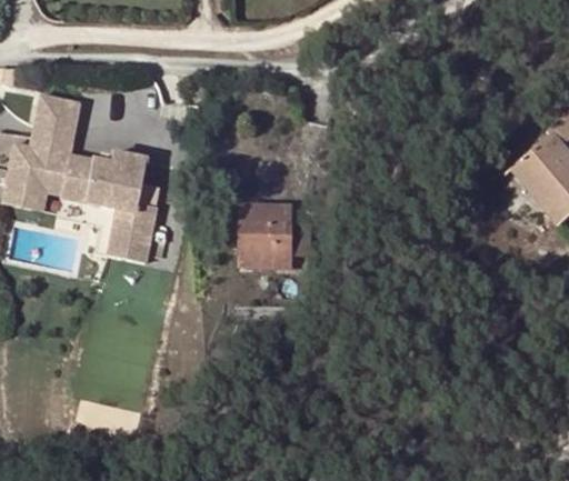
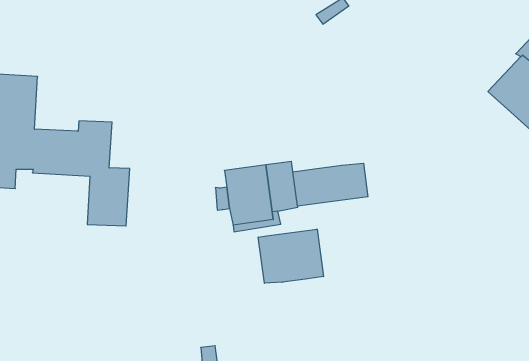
building: none -> [293,163,368,206]
building: none -> [258,229,323,283]

